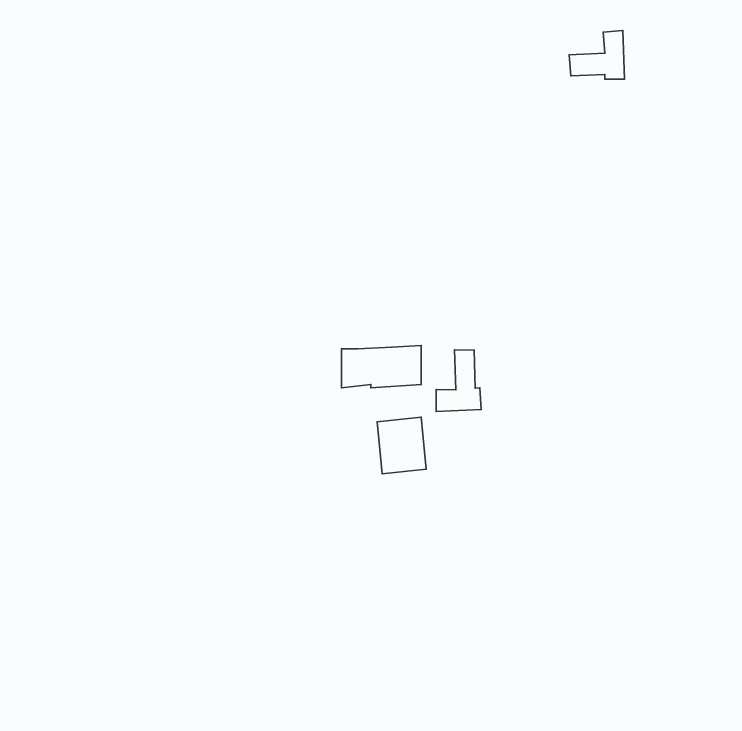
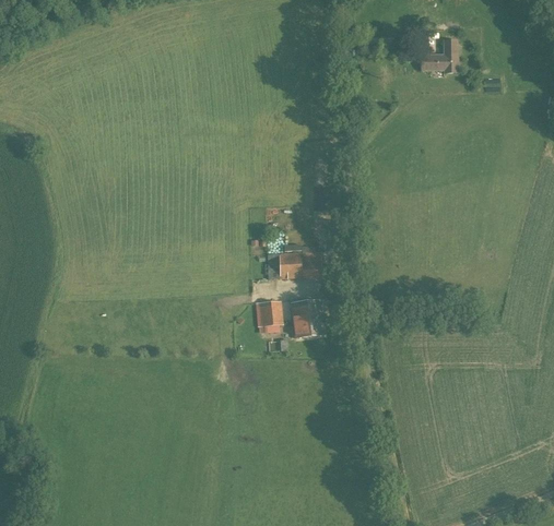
building: [436,350,481,411] -> none
building: none -> [256,300,281,325]

